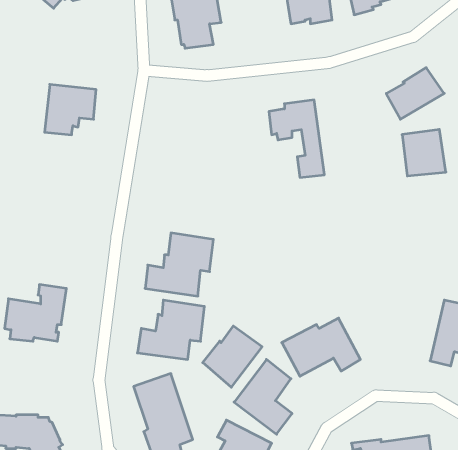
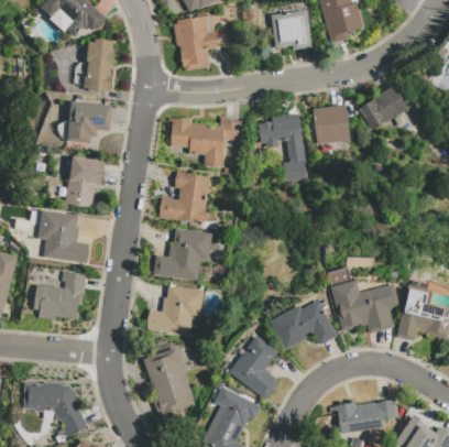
building: none -> [84,39,113,91]
building: none -> [171,118,241,166]
building: [402,129,446,176] -> [313,103,350,143]
building: none -> [66,155,105,207]
building: none -> [158,171,209,221]
building: none -> [39,209,88,262]
building: none -> [330,280,399,332]
building: [203,326,262,387] -> none

